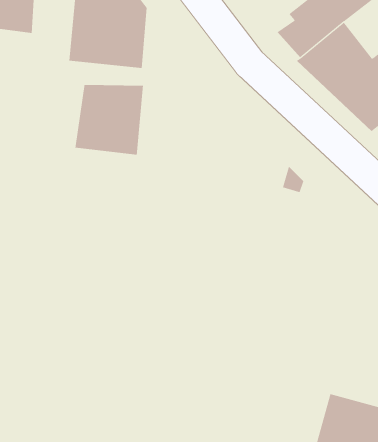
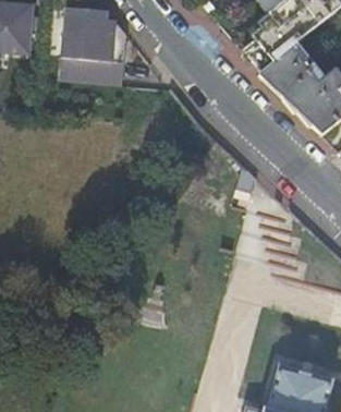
building: [75,84,144,155] -> none

